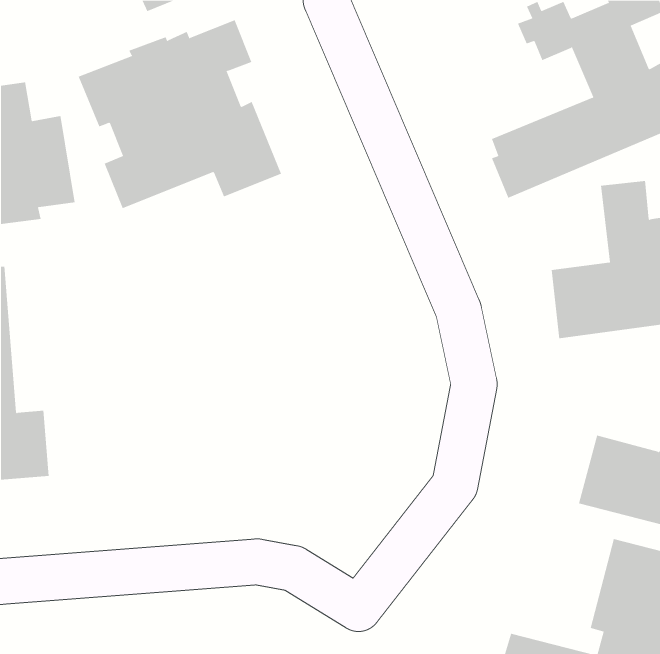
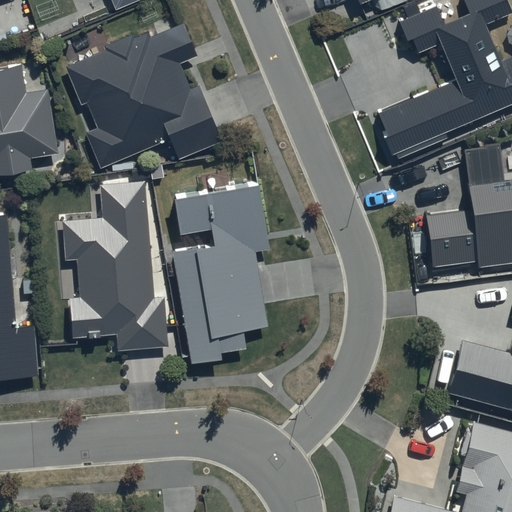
building: none -> [169,180,268,359]
building: none -> [63,182,169,352]

